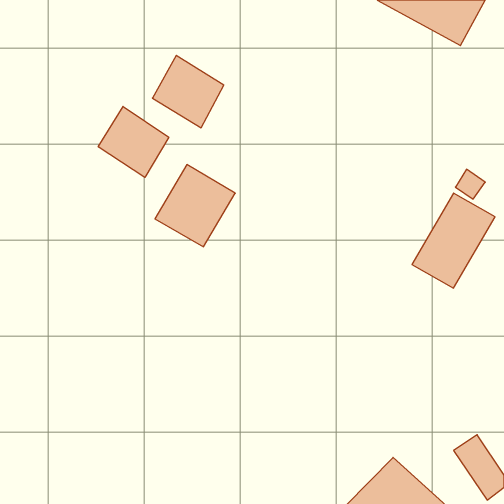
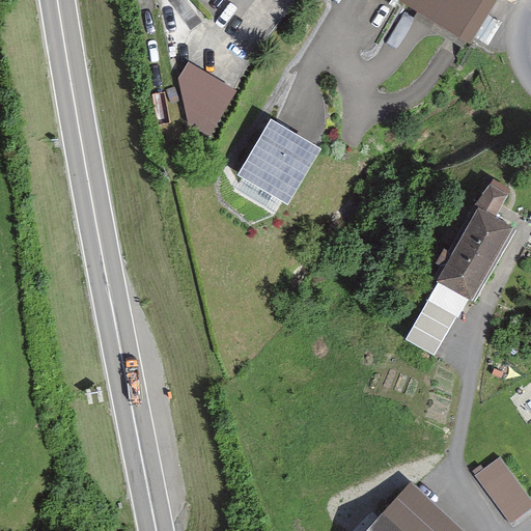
building: [98,106,169,177] -> none
building: [155,165,235,247] -> [236,113,320,199]
building: none -> [403,283,467,357]

